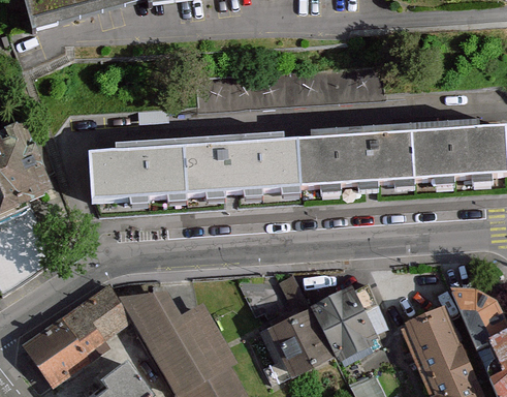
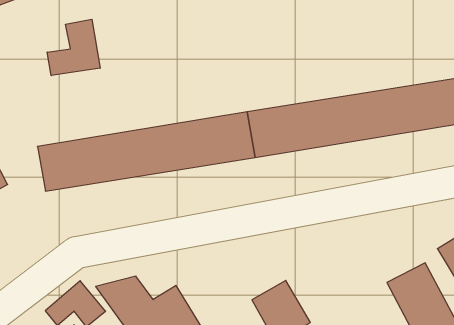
building: none -> [47,19,100,76]
building: [312,283,378,352] -> none

